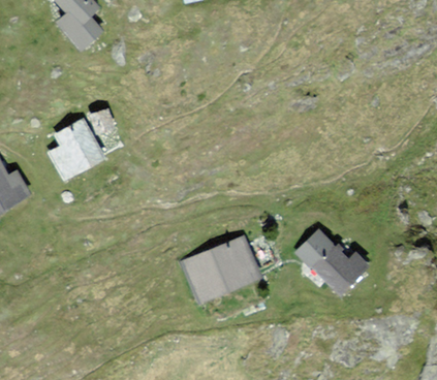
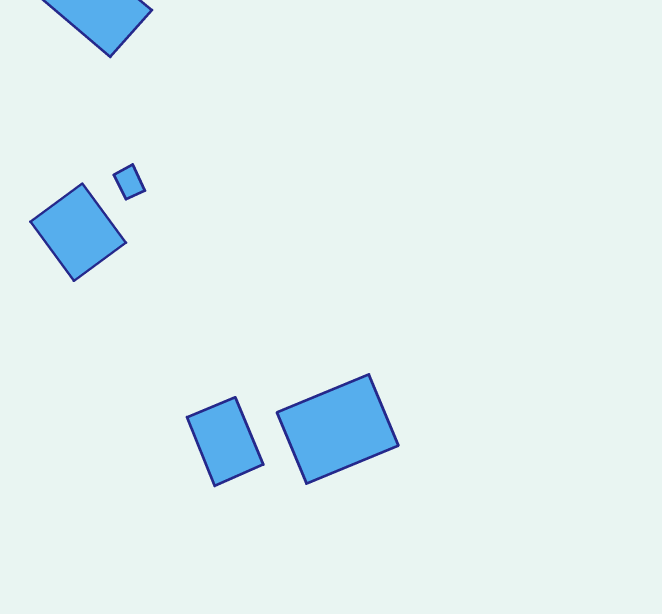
building: [305,224,383,296] -> none
building: none -> [187,397,263,486]

